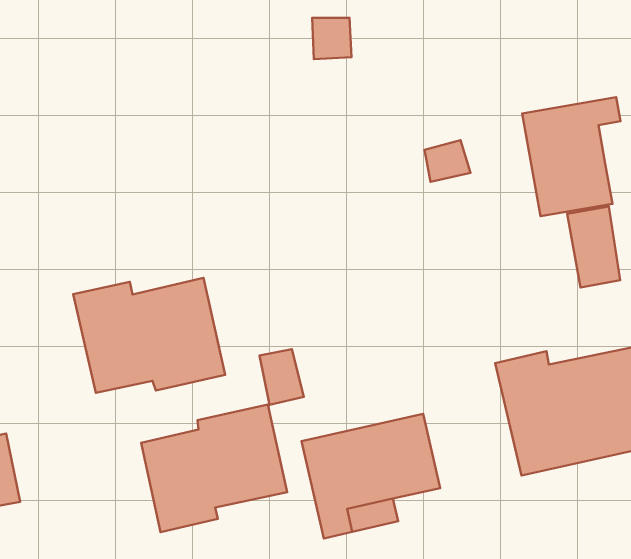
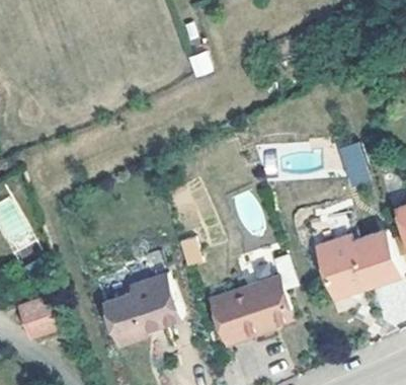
building: [522,97,620,216] -> none
building: [73,278,225,393] -> none

